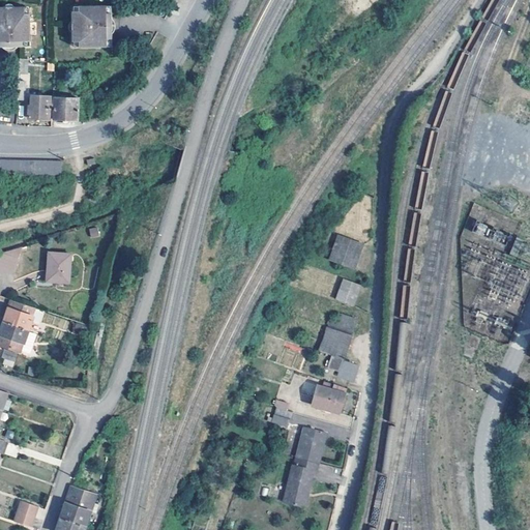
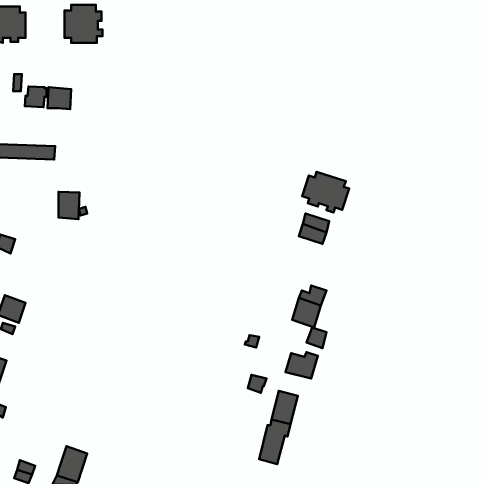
building: none -> [302,172,349,212]
building: [46,254,68,284] -> [58,192,79,219]
building: [333,276,358,303] -> none
building: [5,301,45,331] -> none

